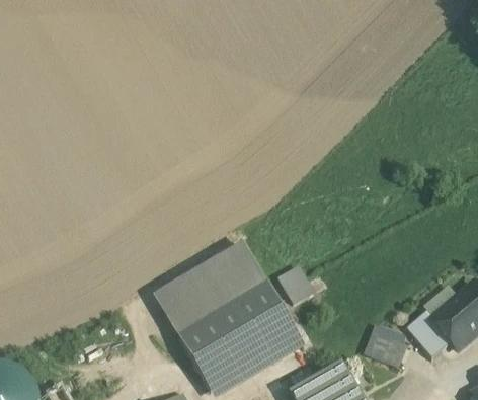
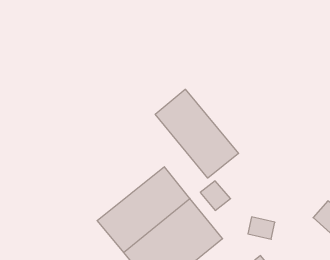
building: none -> [155,89,239,178]
building: [374,336,407,366] -> [248,217,275,239]

